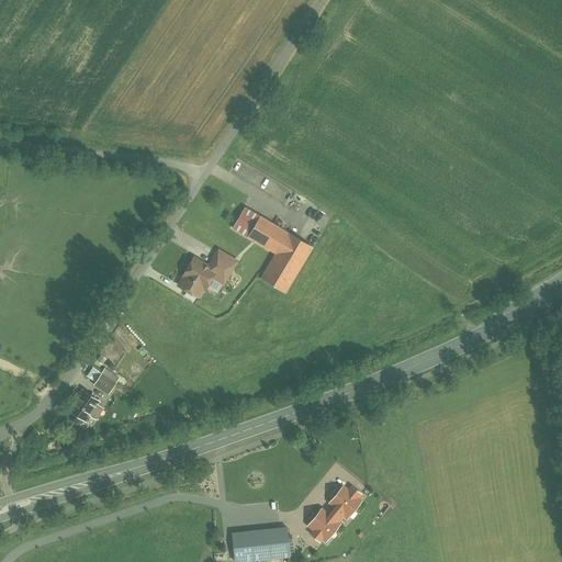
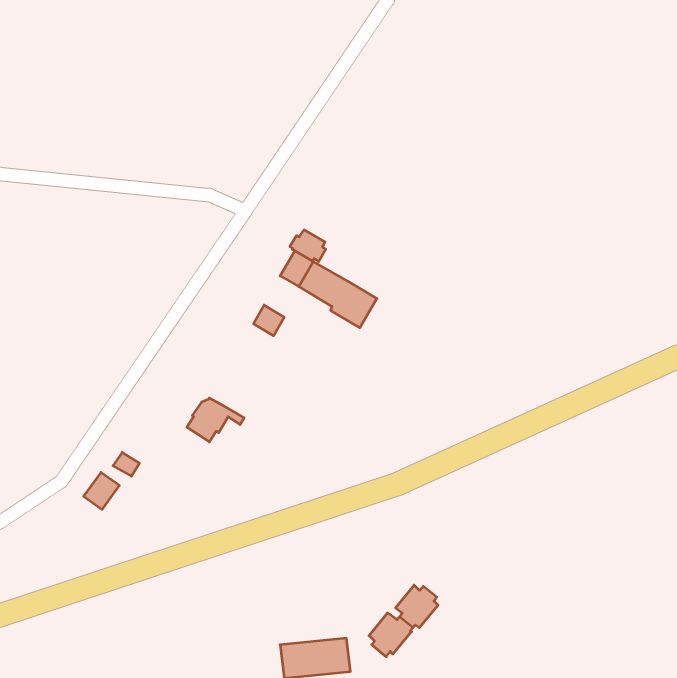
building: none -> [290,230,326,262]
building: [260,257,297,293] -> none
building: [179,261,226,297] -> [187,398,244,442]

